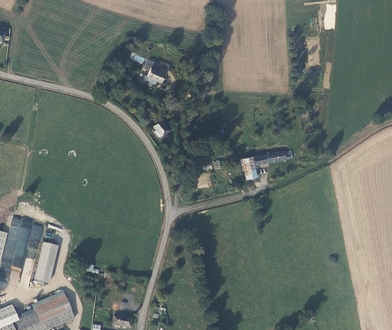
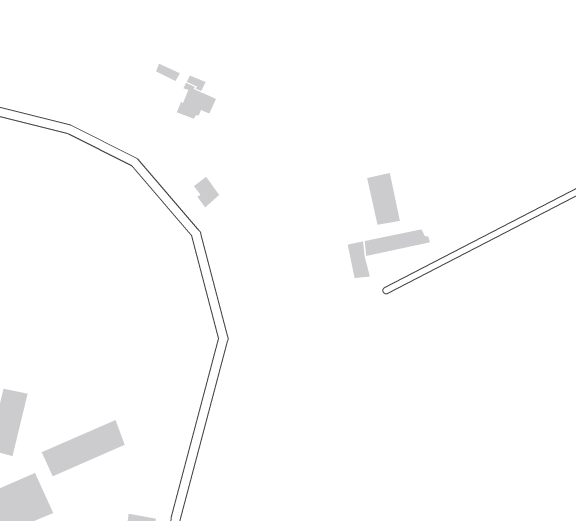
building: none -> [367,172,401,226]
building: none -> [41,419,126,477]

